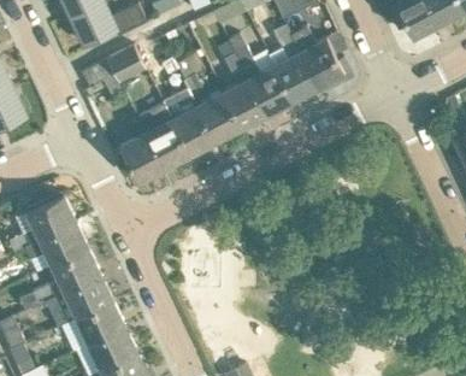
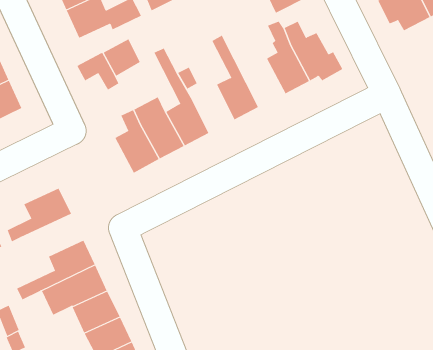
building: [229,35,293,114] -> none
building: [197,92,241,141] -> none
building: [24,223,88,266] -> none

